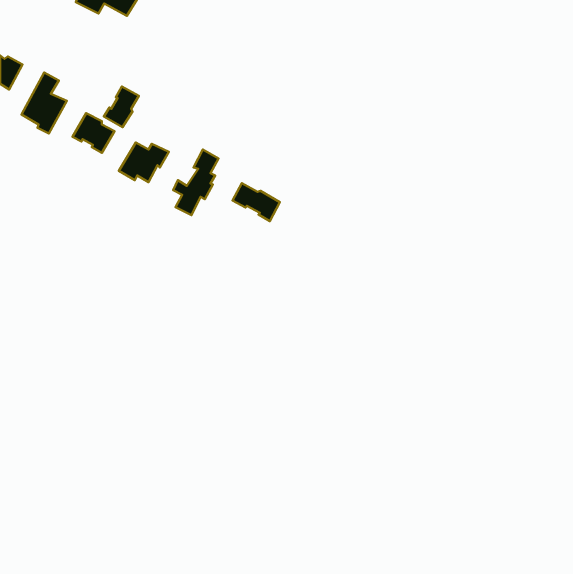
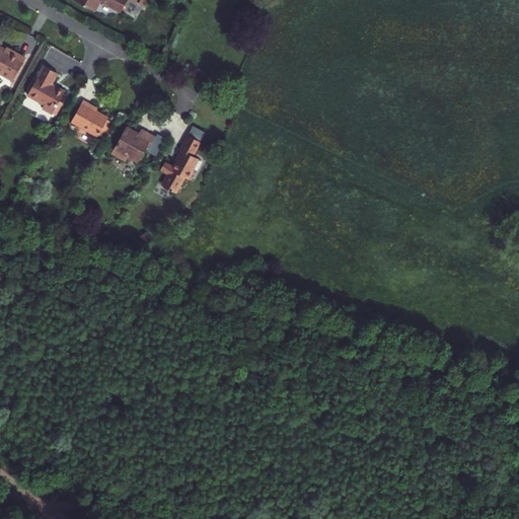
building: [104,87,139,127] -> none
building: [233,183,280,221] -> none

